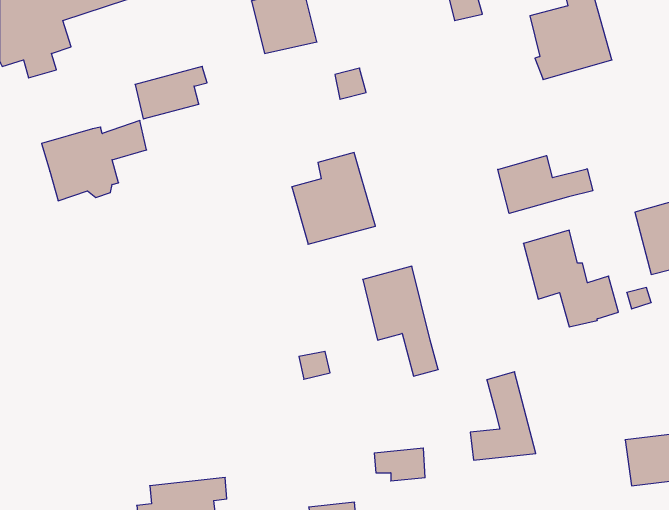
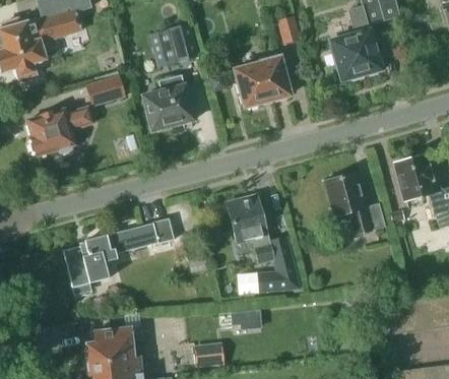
building: none -> [236,56,290,107]
building: [292,153,375,244] -> [142,75,194,132]
building: [498,156,593,213] -> none
building: none -> [63,218,174,296]
building: [470,372,536,460] -> [258,237,299,292]

